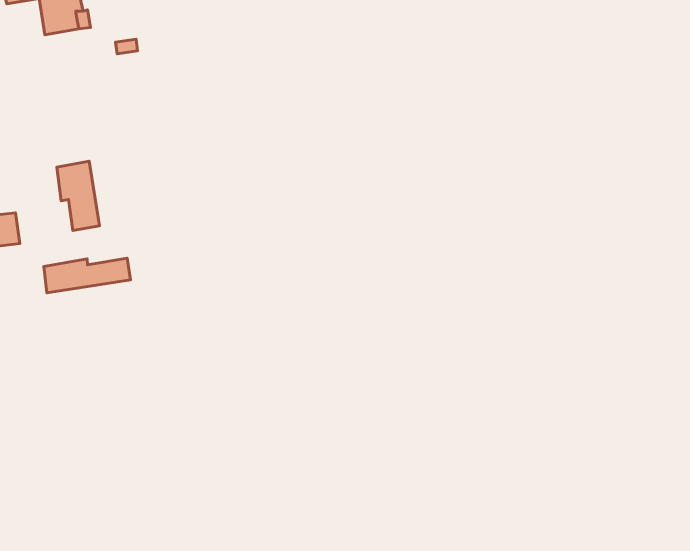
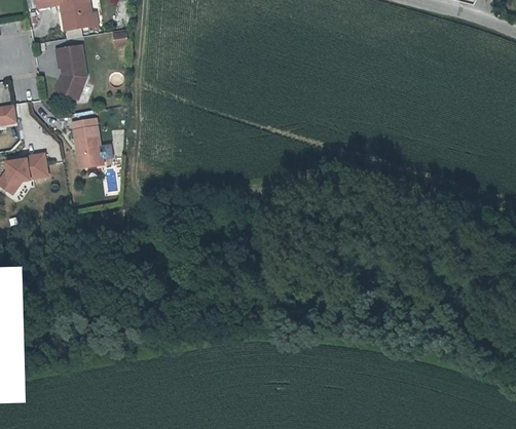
building: none -> [54,45,85,95]
building: [44,258,130,293] -> none

